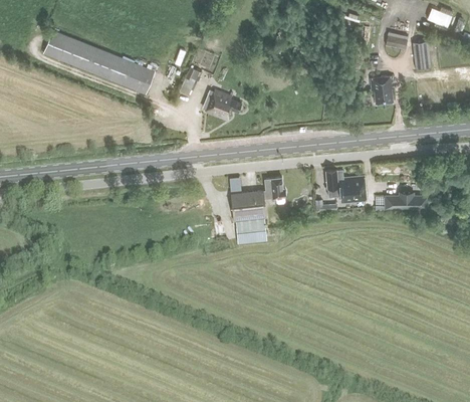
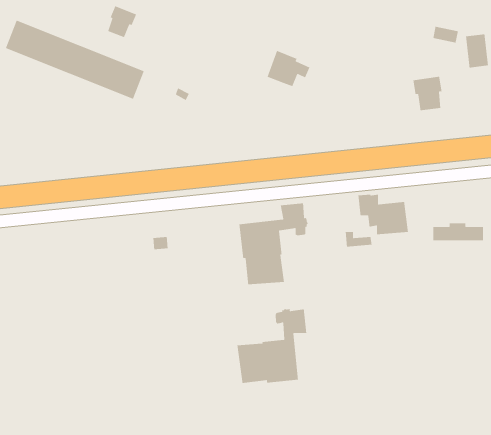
building: none -> [107,5,137,38]
building: [205,88,240,119] -> [267,50,310,87]
building: none -> [236,308,307,384]

